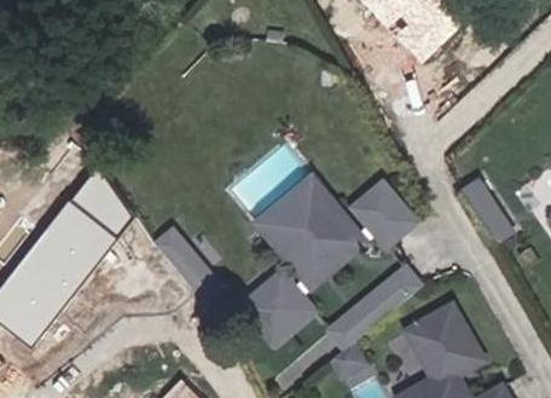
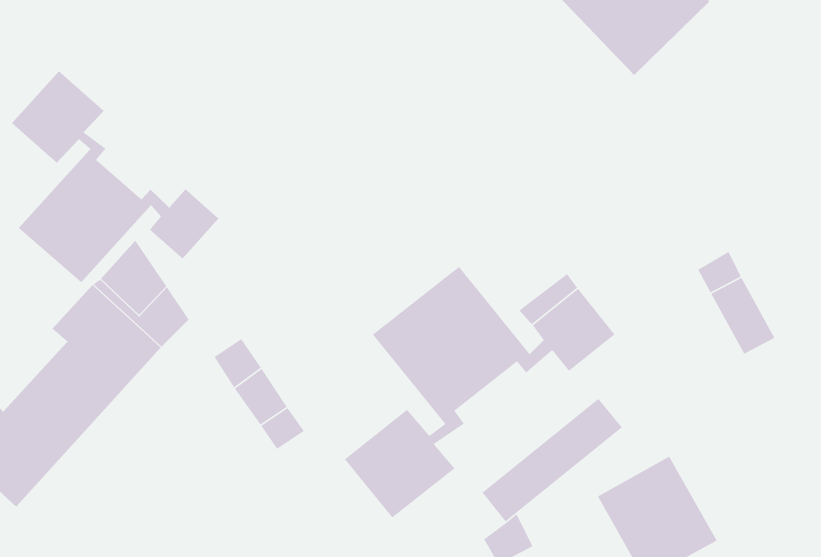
building: none -> [11,70,219,283]

